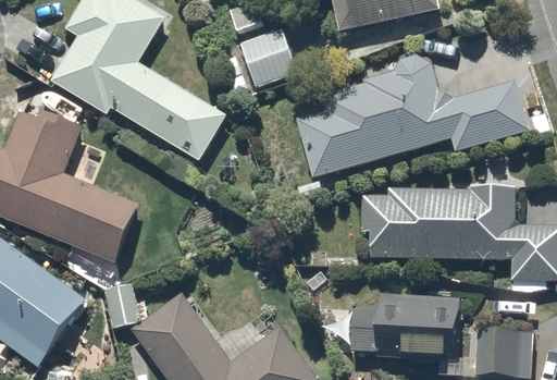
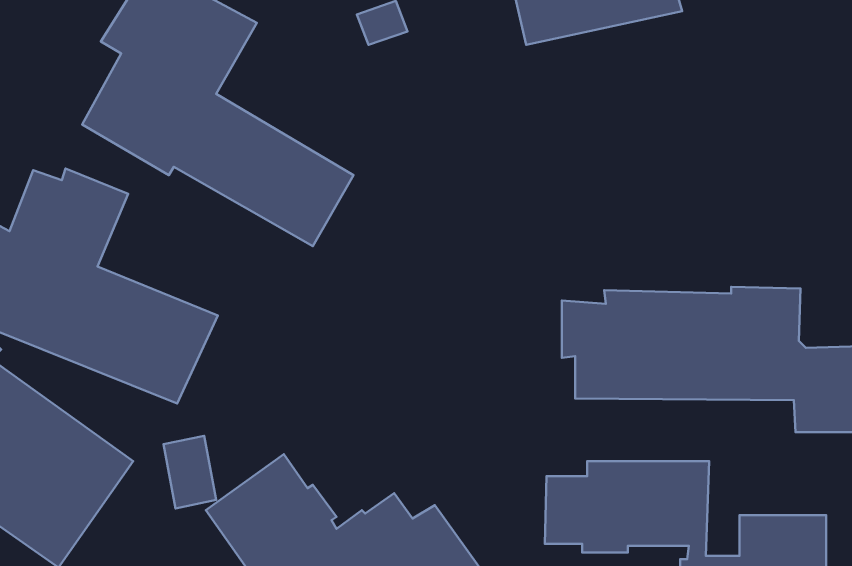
building: [242,27,297,86] -> none
building: [295,54,529,177] -> none

